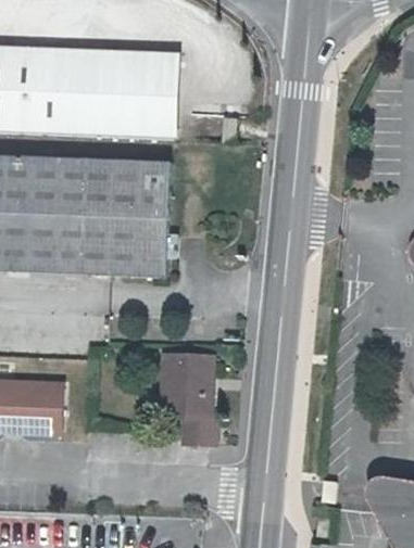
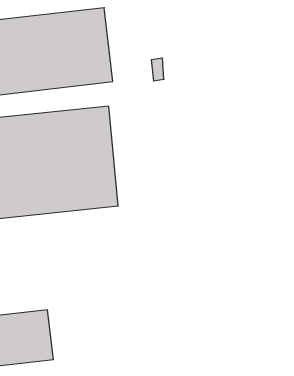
building: [155,352,221,447] -> none

